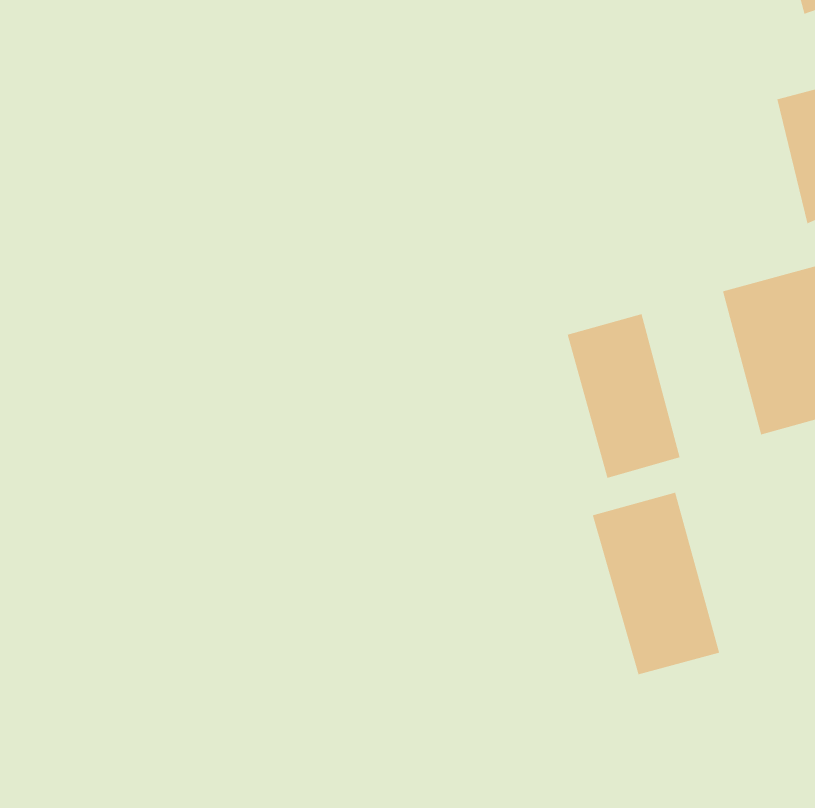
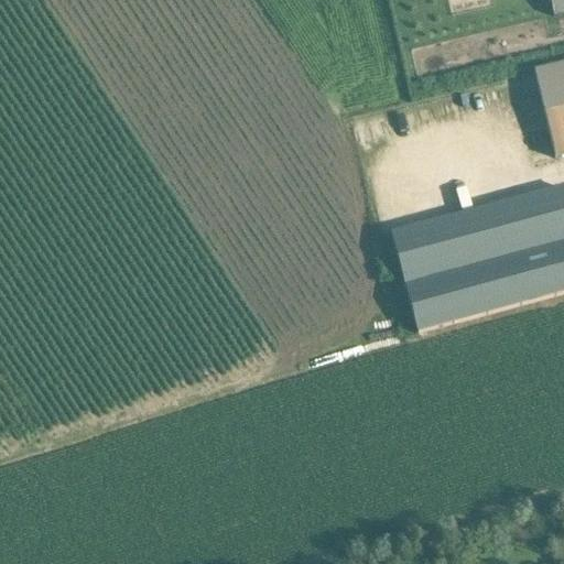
building: none -> [444,200,525,315]
building: [592,492,720,675] -> none

